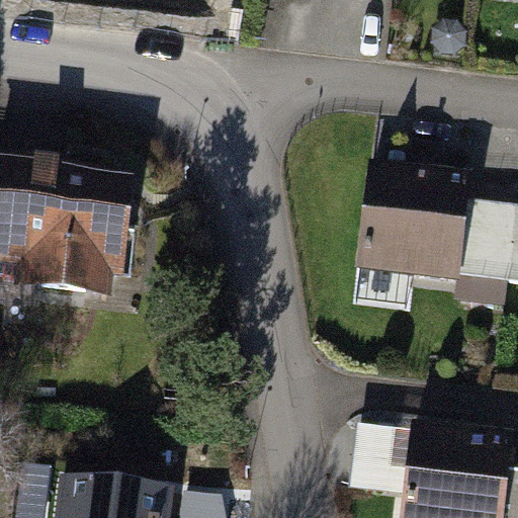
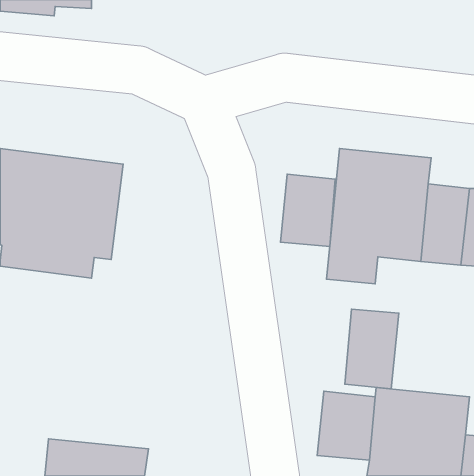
building: none -> [280,174,335,246]
building: none -> [345,309,399,389]

